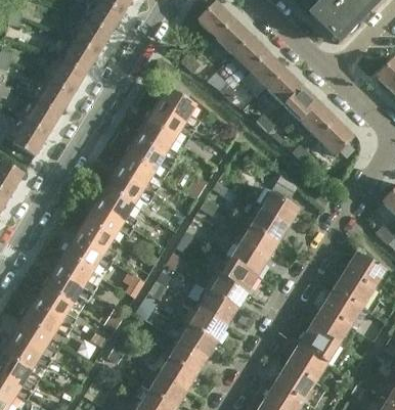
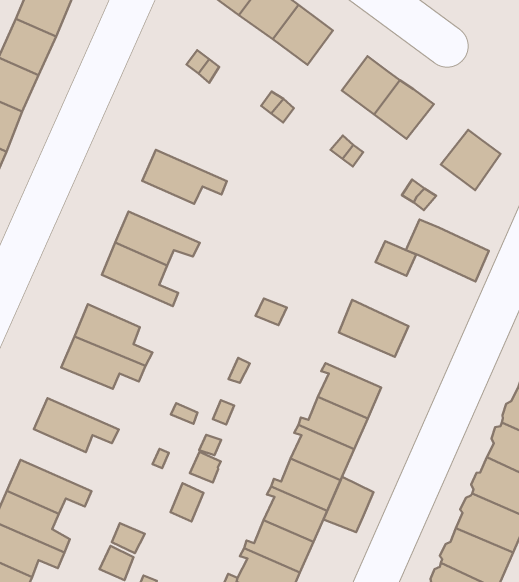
building: [250,53,284,88] -> none
building: [157,89,200,130] -> none
building: [300,103,336,138] -> none
building: [136,123,179,163] -> none
building: [105,173,153,206] -> none
building: [249,187,296,227] -> [406,219,489,282]
building: [75,222,118,262] -> none
building: [235,227,275,260] -> none
building: [54,255,97,294] -> none
building: none -> [323,477,374,532]

